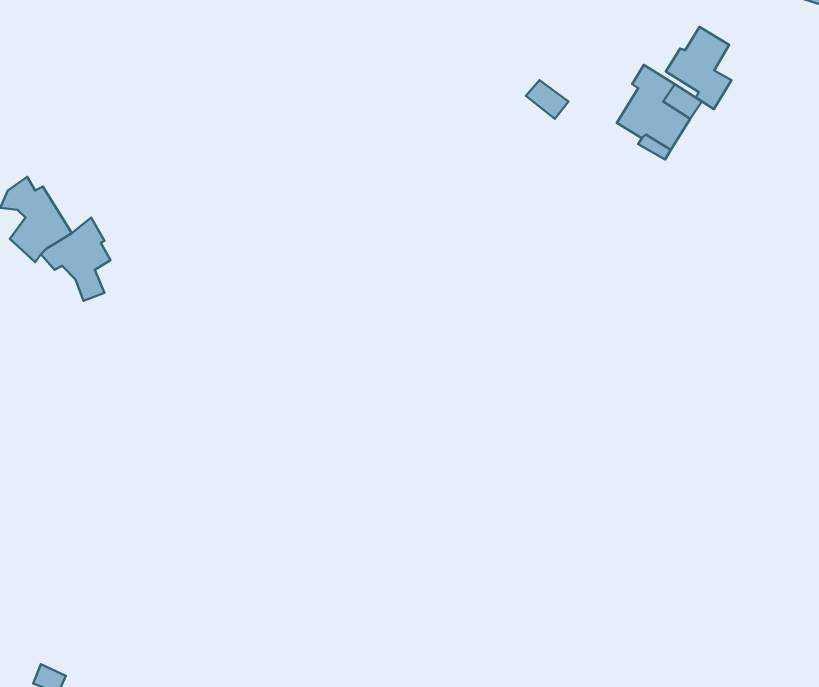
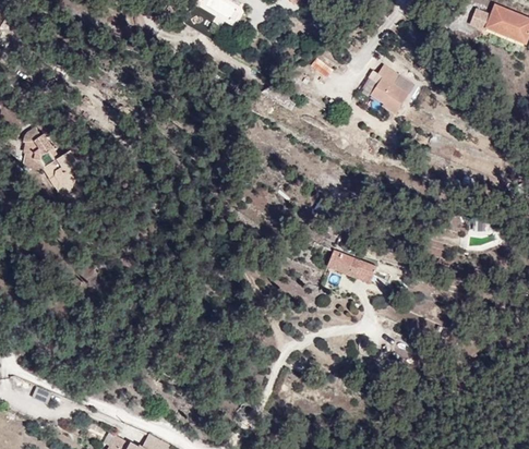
building: [666,27,731,109] -> none
building: none -> [321,245,362,275]

